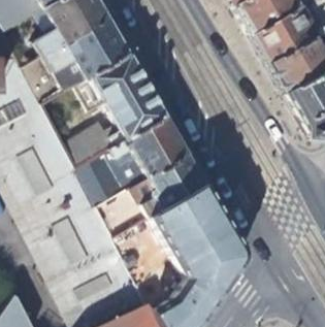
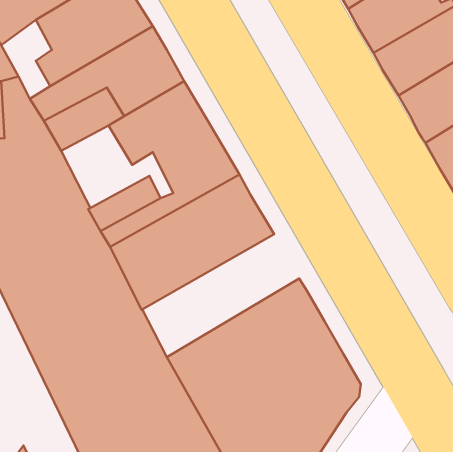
building: [96,156,199,236] -> none

